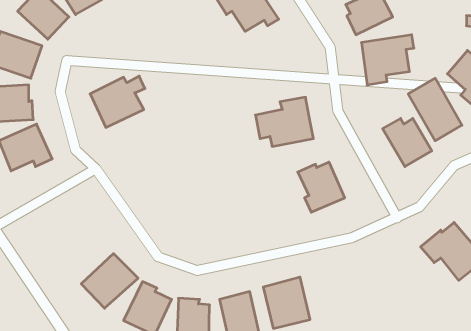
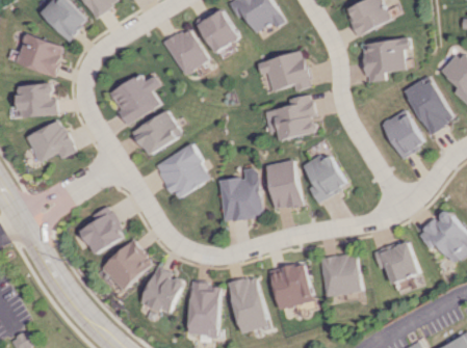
building: none -> [197,9,235,52]
building: none -> [163,27,206,75]
building: none -> [255,51,309,91]
building: none -> [130,110,179,156]
building: none -> [152,143,208,200]
building: none -> [264,160,302,210]
building: none -> [216,167,262,221]
building: none -> [78,206,124,255]
building: none -> [372,241,418,284]
building: none -> [320,255,361,296]

